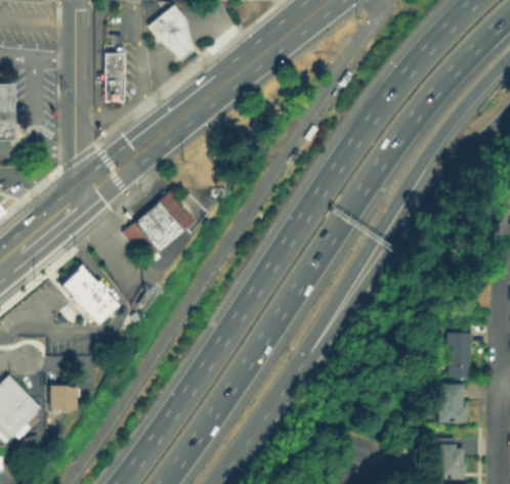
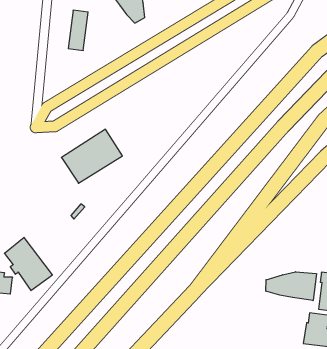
building: [57,264,119,327] -> [4,237,52,291]
building: none -> [266,272,316,301]

